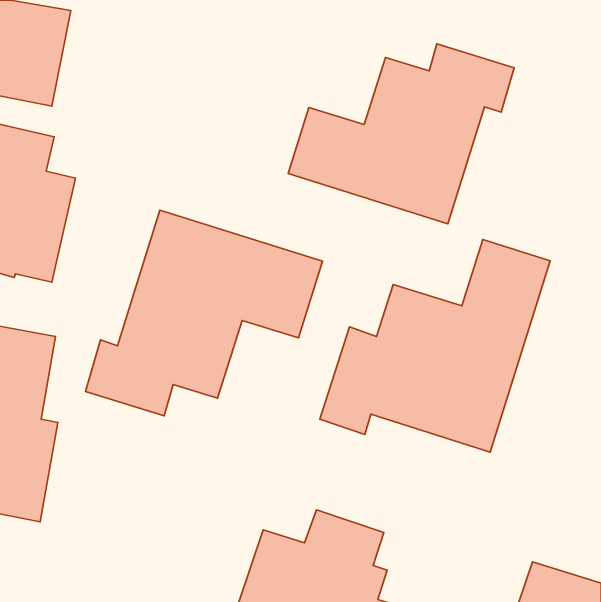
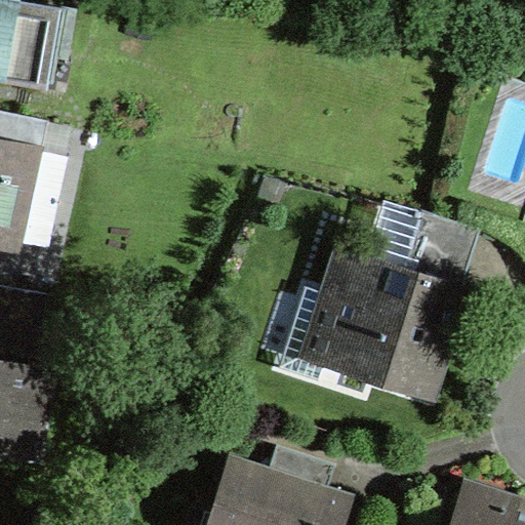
building: [288,44,514,224] -> none
building: [85,210,323,416] -> none

